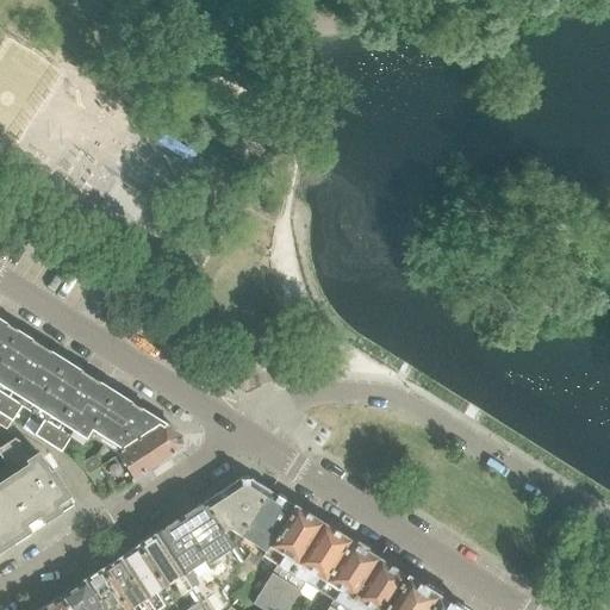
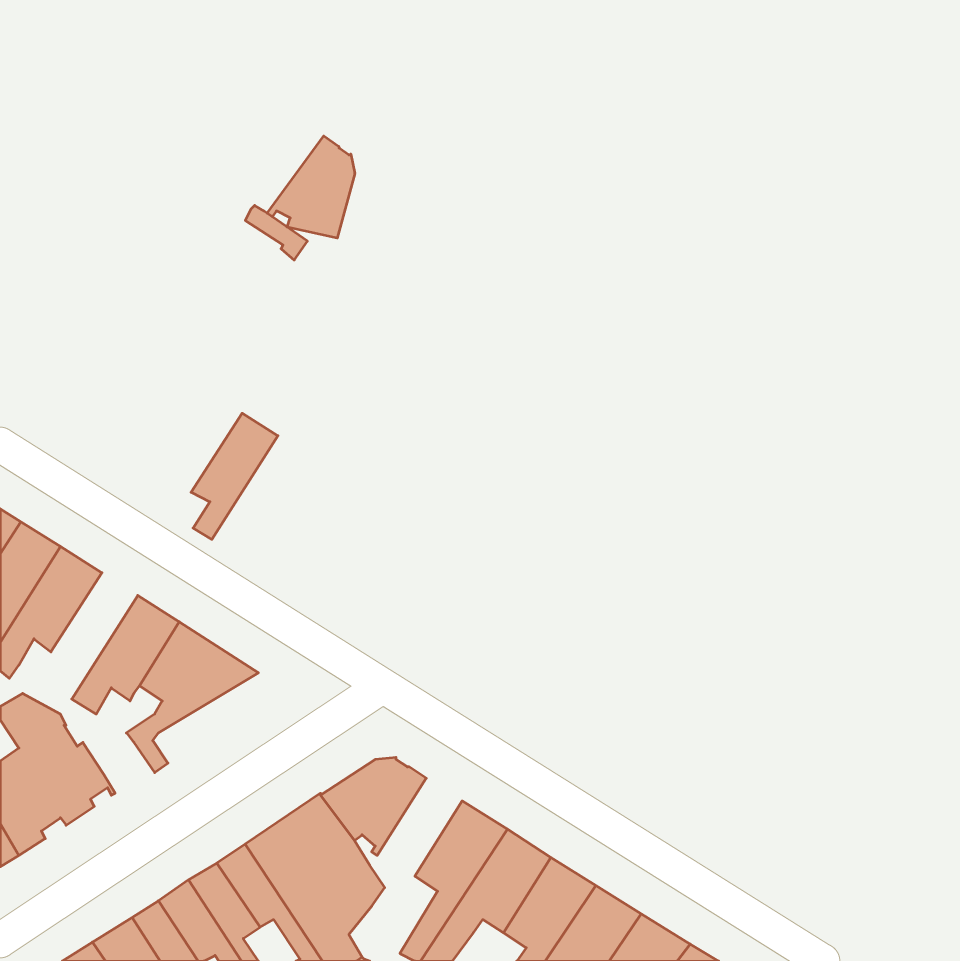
building: none -> [267,136,355,238]
building: [35,362,89,442] -> [191,413,278,539]
building: [102,425,183,488] -> none
building: [237,492,294,583] -> none

